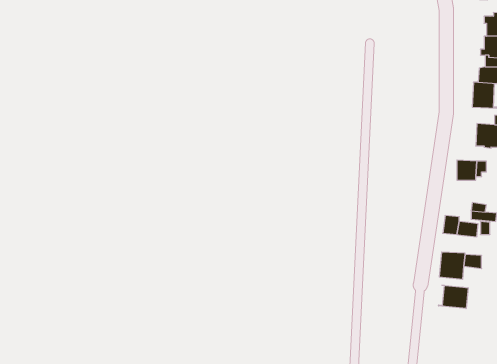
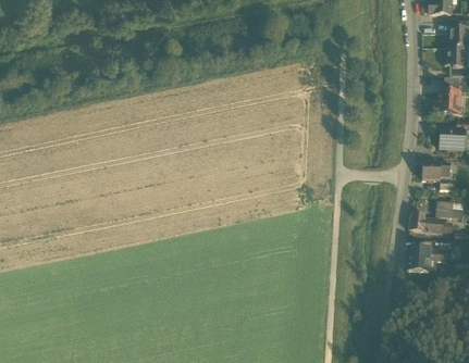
building: [439,285,468,309] -> none

